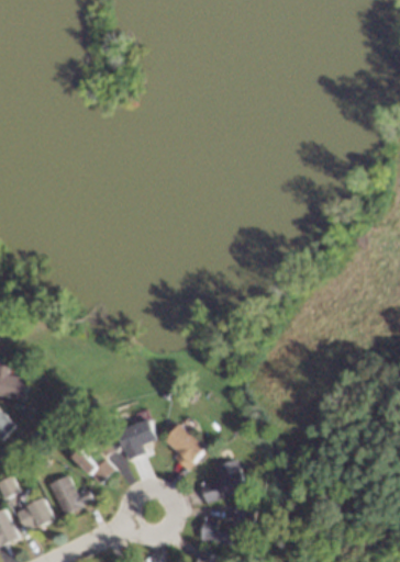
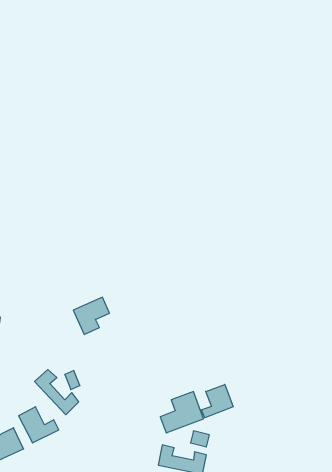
building: [118,419,157,460] -> [73,297,109,334]
building: [168,423,208,468] -> none
building: none -> [201,384,233,418]

